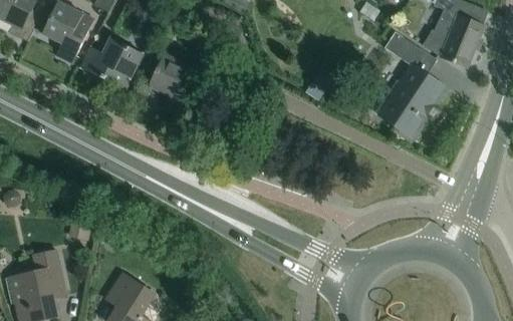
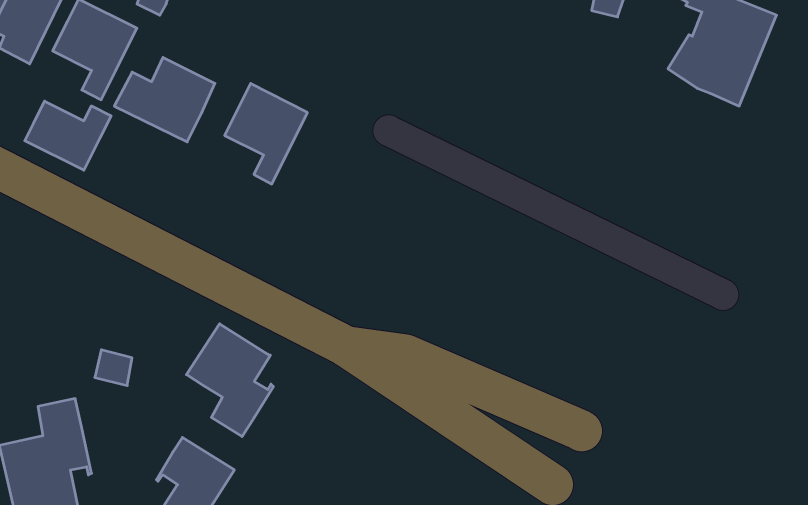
building: [376,30,444,135] -> none
building: none -> [25,101,111,170]
building: none -> [186,324,273,437]

